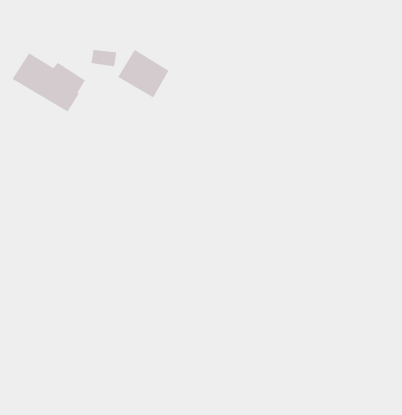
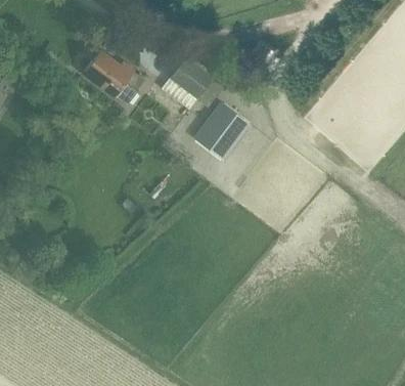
building: none -> [192,103,245,159]

